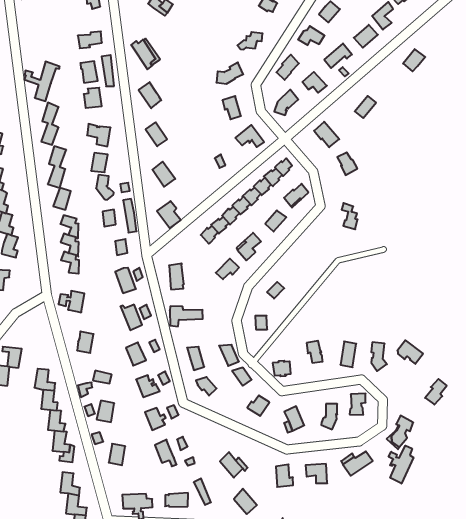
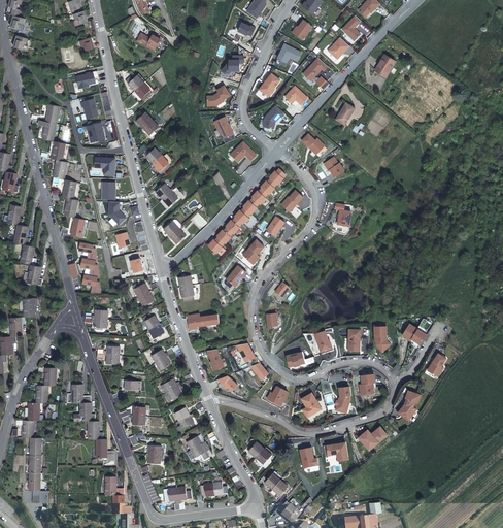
building: [389,446,413,484] -> none

